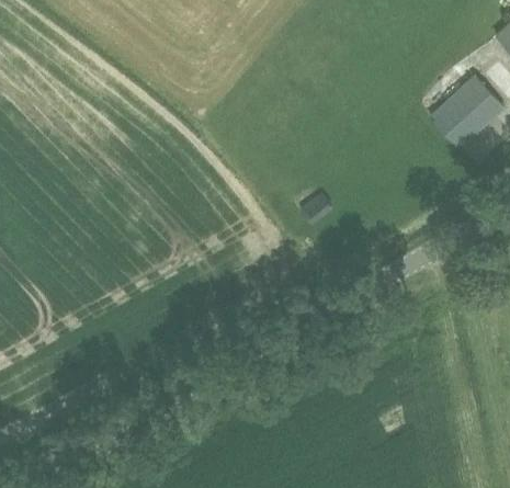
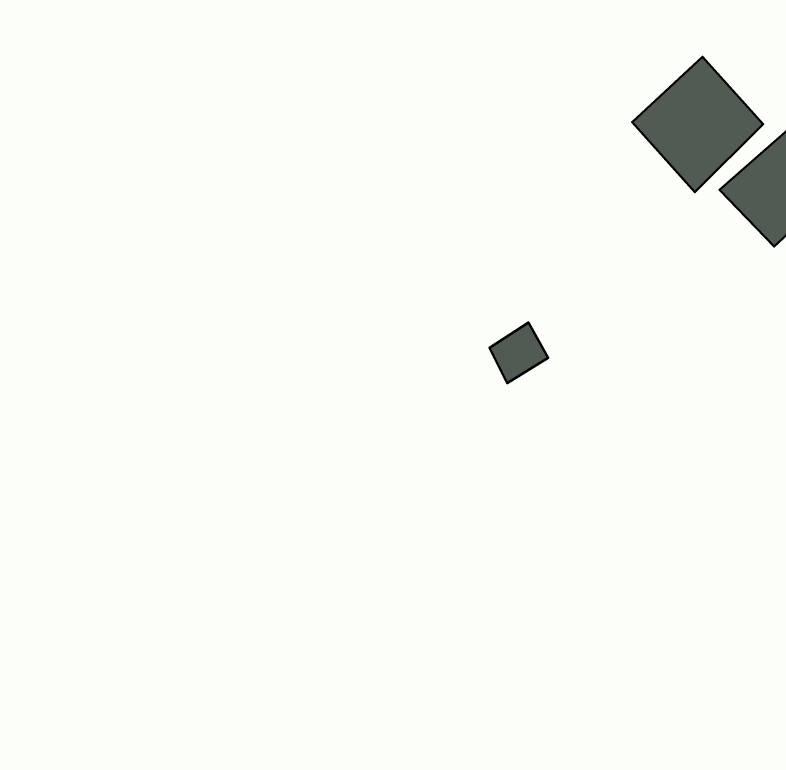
building: none -> [632,57,763,192]

